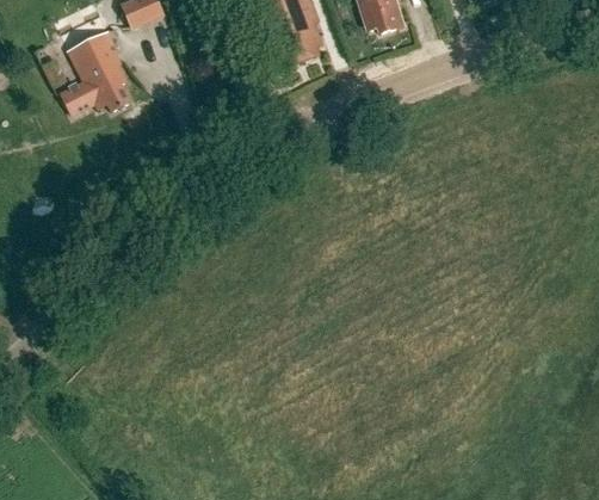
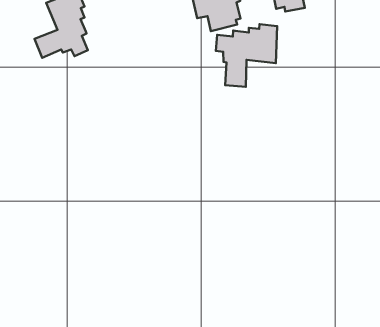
building: none -> [216,24,277,87]

